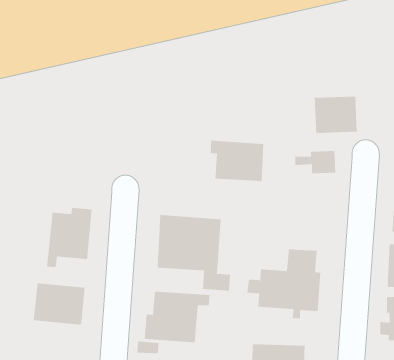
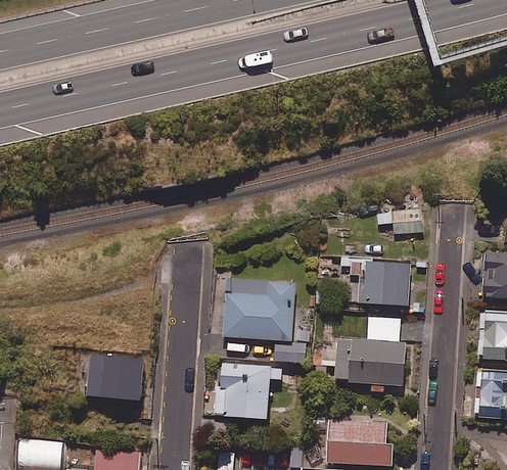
building: [314,96,357,134] -> none
building: [210,140,264,182] -> [350,260,410,306]
building: [47,207,92,268] -> none

